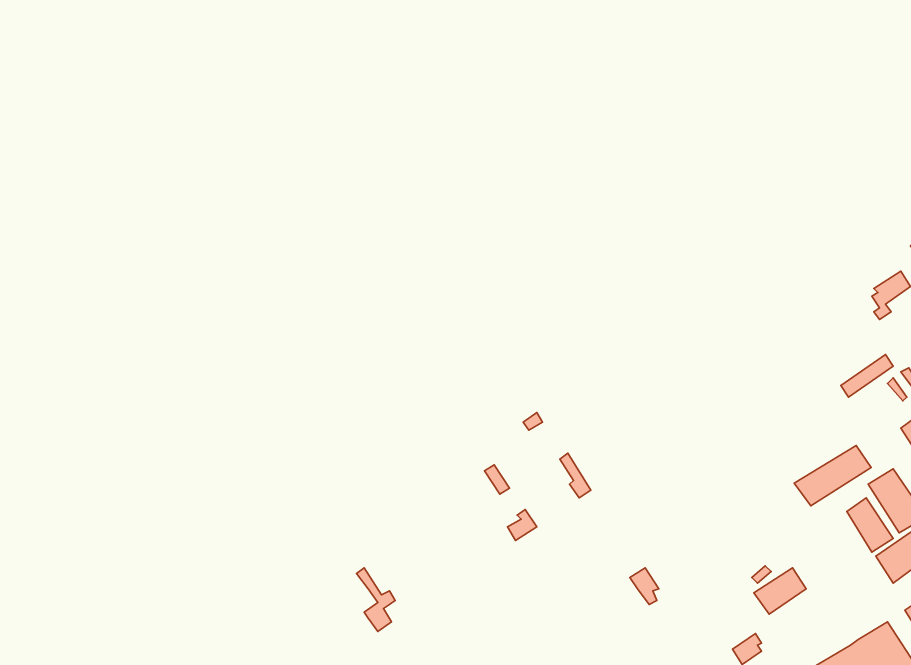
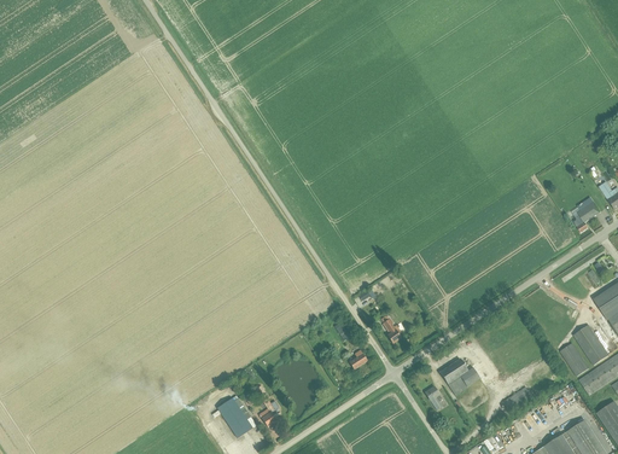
building: [794,446,871,506] -> none
building: none -> [439,359,479,395]
building: none -> [217,397,252,438]

